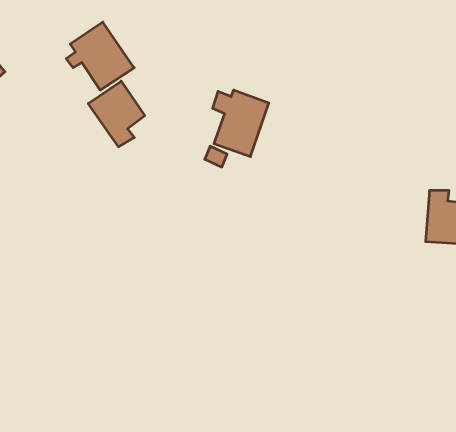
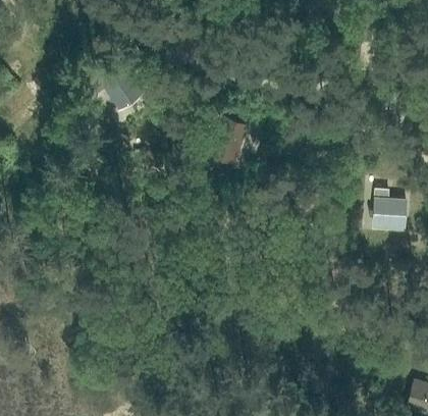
building: [88,81,145,147] -> none

